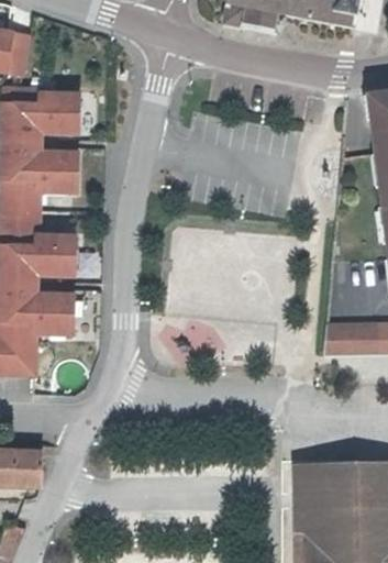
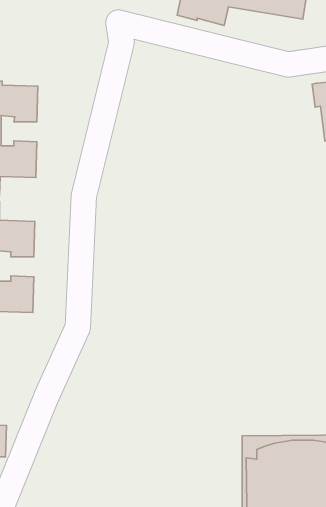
building: [323,324,374,354] -> none

